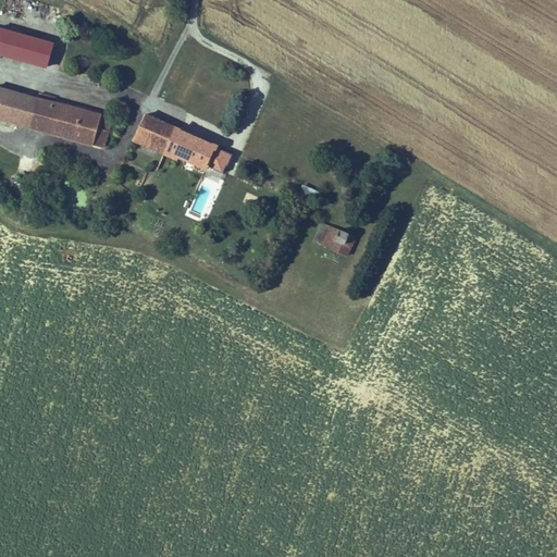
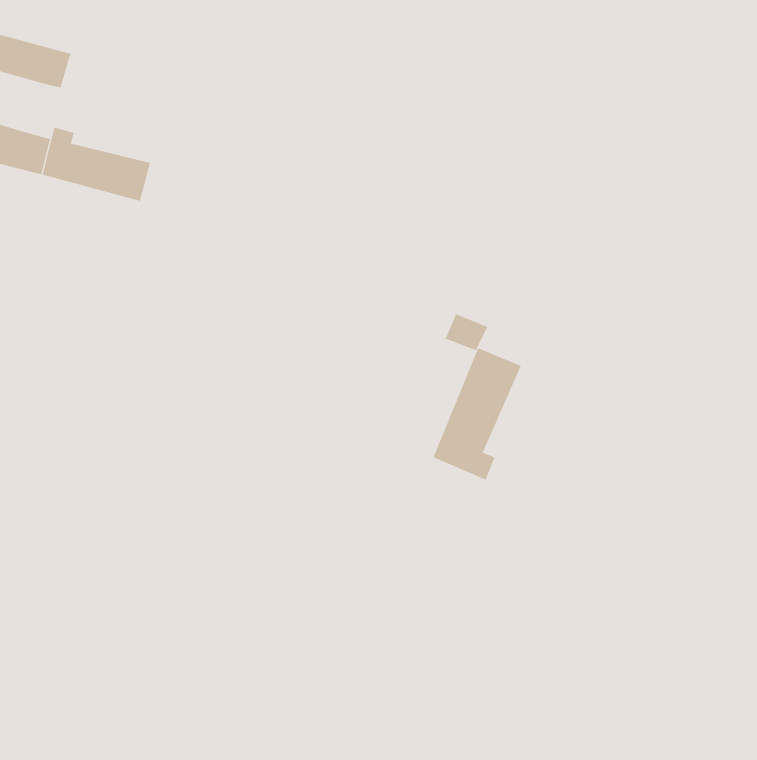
building: [134,113,215,168] -> none
building: none -> [433,348,521,481]

